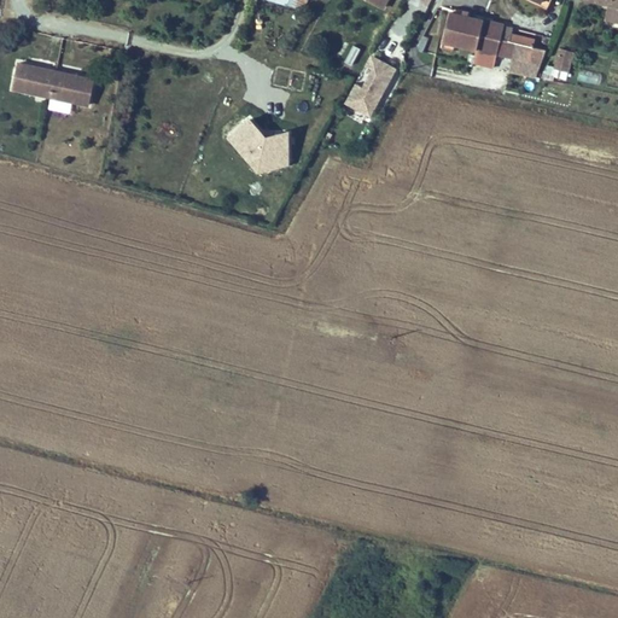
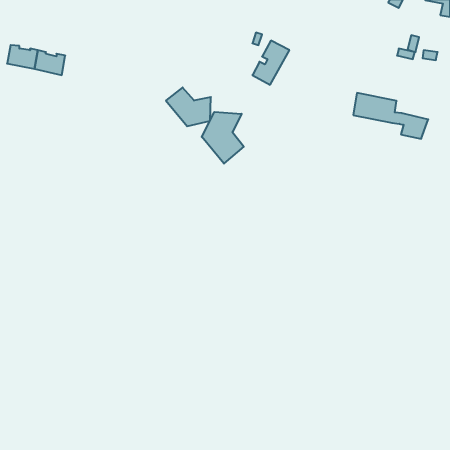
building: [444,12,547,75] -> [353,93,428,139]
building: none -> [202,112,244,164]

